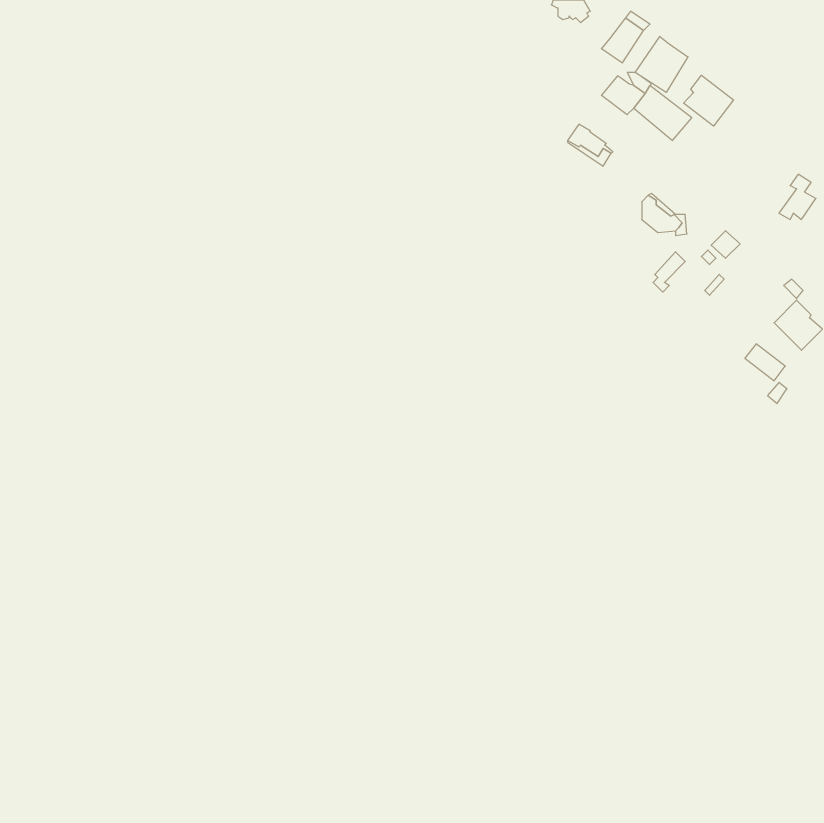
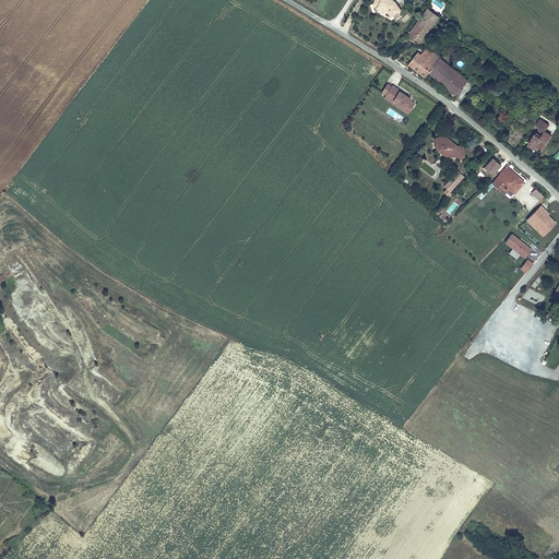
building: [635,36,688,92] -> none
building: [684,75,734,126] -> none
building: none -> [491,166,525,195]

